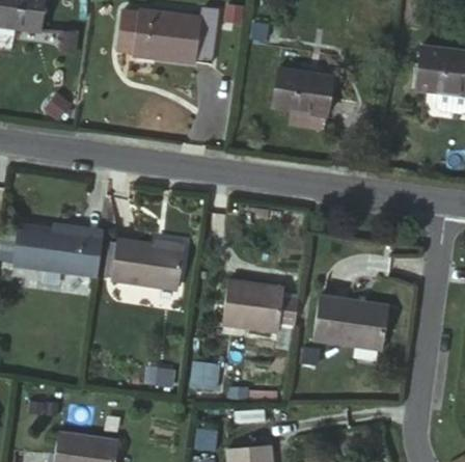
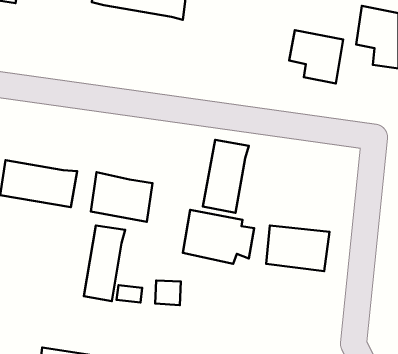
building: [272,69,333,129] -> [289,30,343,84]
building: none -> [203,140,249,213]
building: none -> [84,225,125,301]

